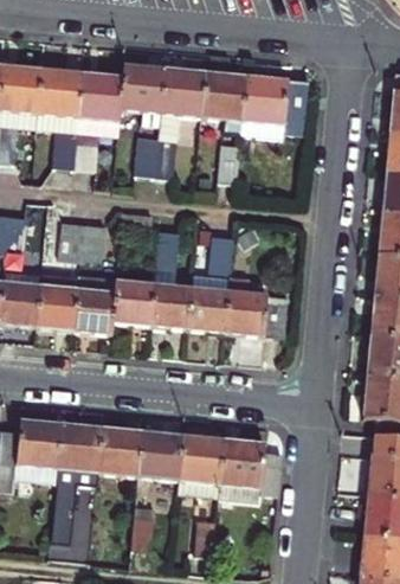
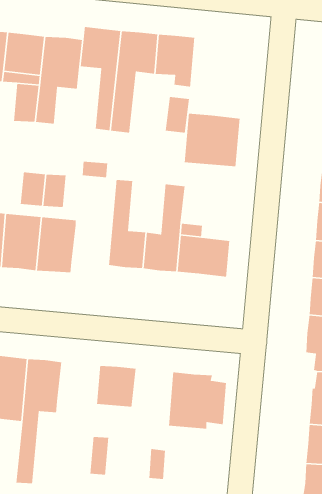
building: [241,75,303,134] -> [184,113,240,167]
building: [112,278,155,322] -> none
building: [97,426,142,473] -> none
building: [176,434,221,496] -> none

